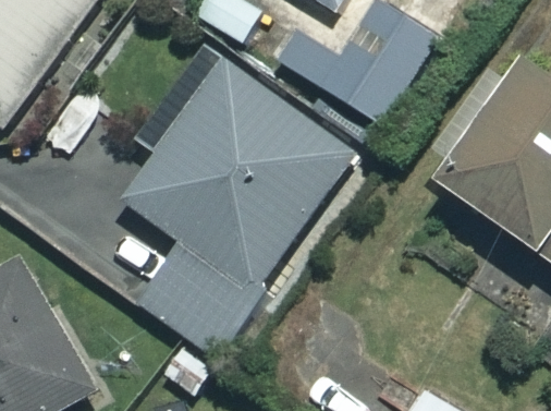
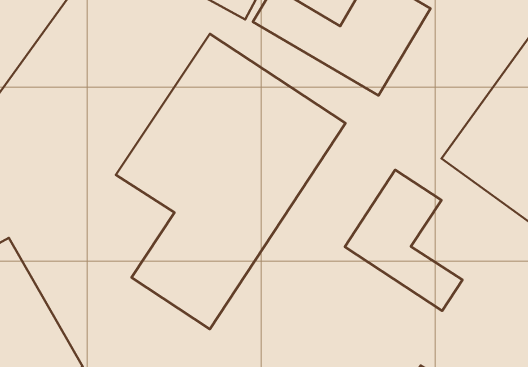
building: none -> [345,170,463,311]

